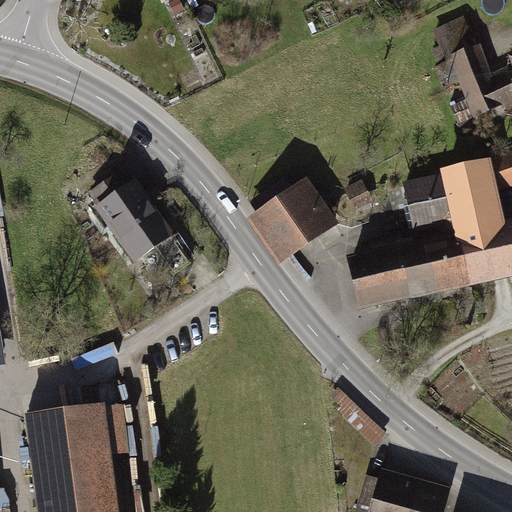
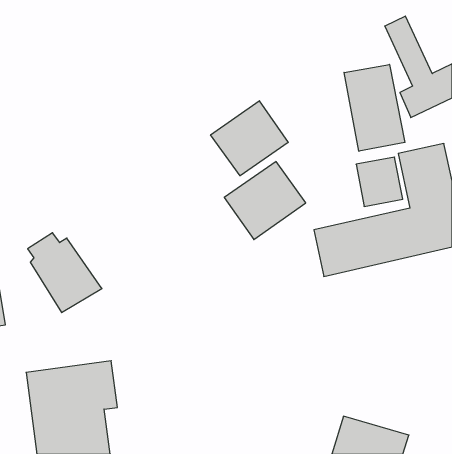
building: none -> [344,64,405,151]
building: none -> [211,101,288,176]
building: [85,167,168,256] -> [28,233,102,313]

